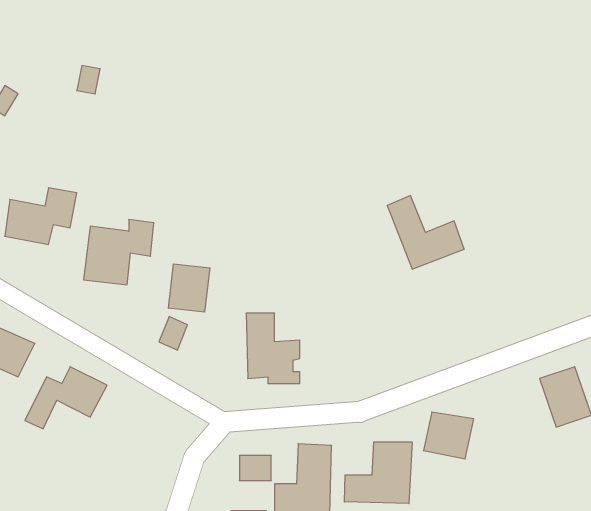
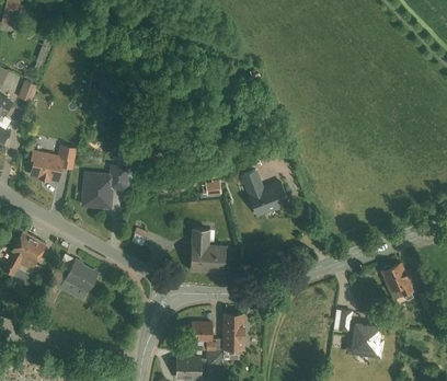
building: [387,196,464,269] -> [238,168,288,216]
building: [168,264,210,312] -> none
building: [423,412,474,459] -> [344,321,377,351]
building: [344,442,412,504] -> none

